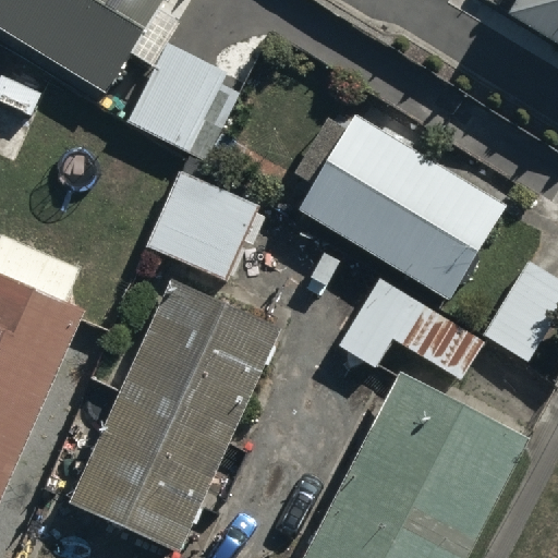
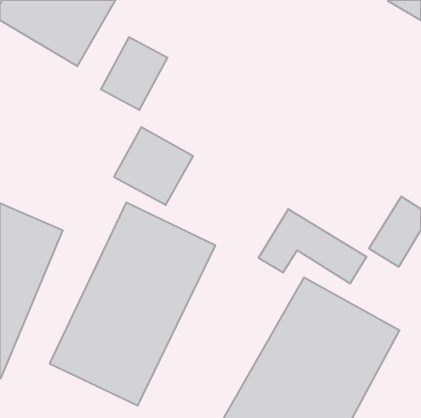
building: [307,124,499,293] -> none

